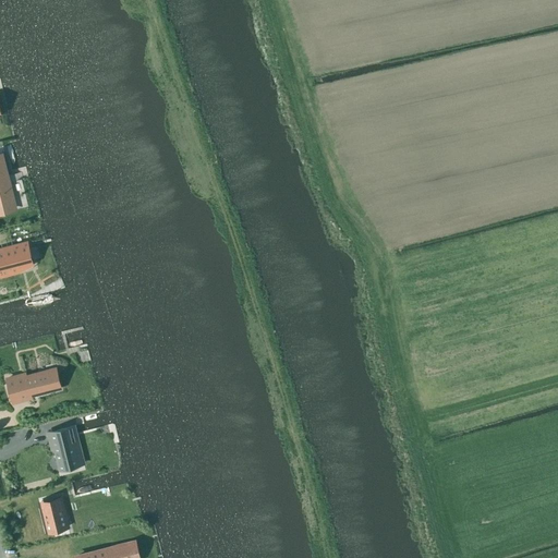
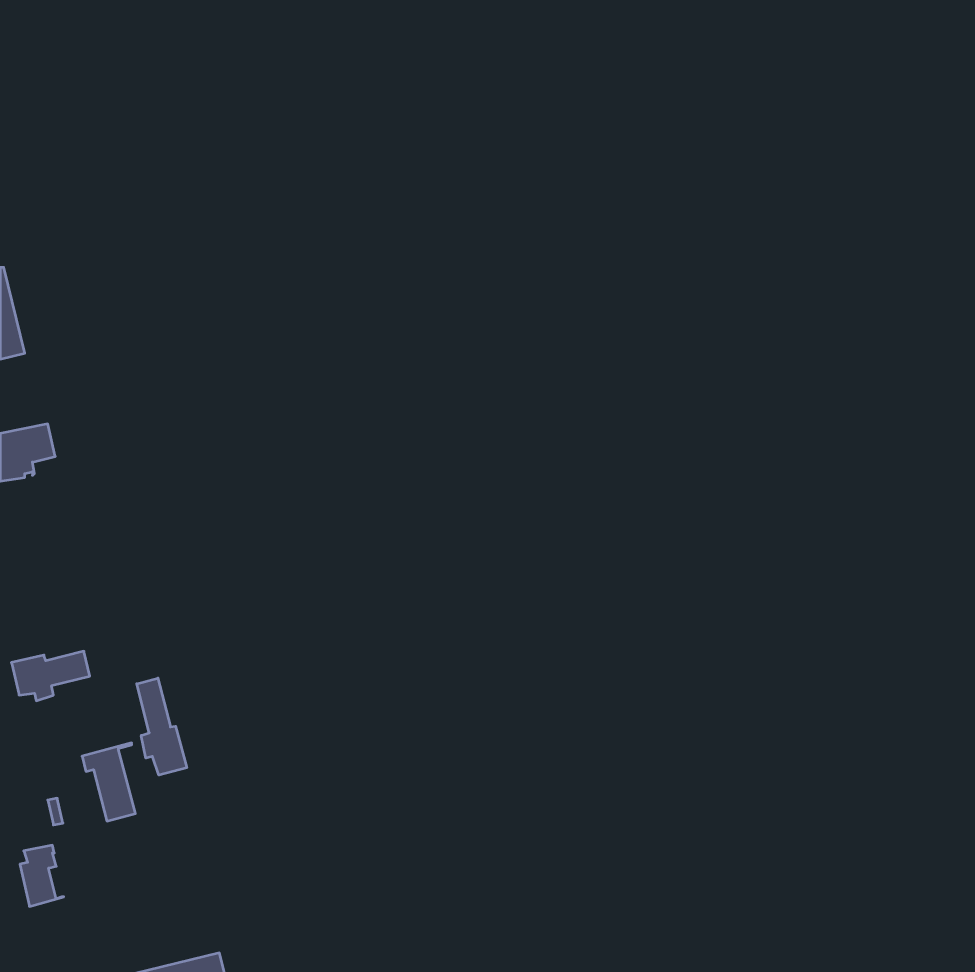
building: none -> [137,678,187,775]
building: [43,499,68,534] -> [20,845,64,906]

